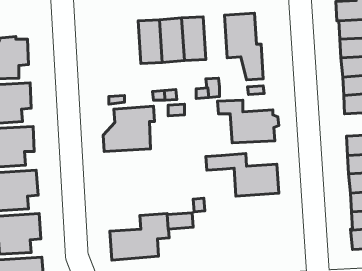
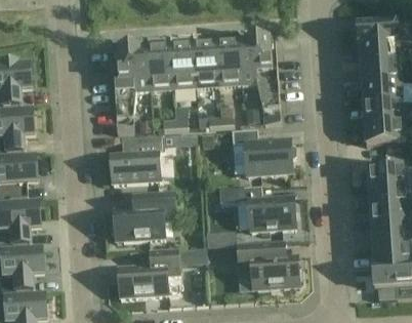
building: none -> [216,38,242,85]
building: none -> [114,44,151,116]
building: none -> [111,191,176,240]
building: none -> [239,242,302,288]

